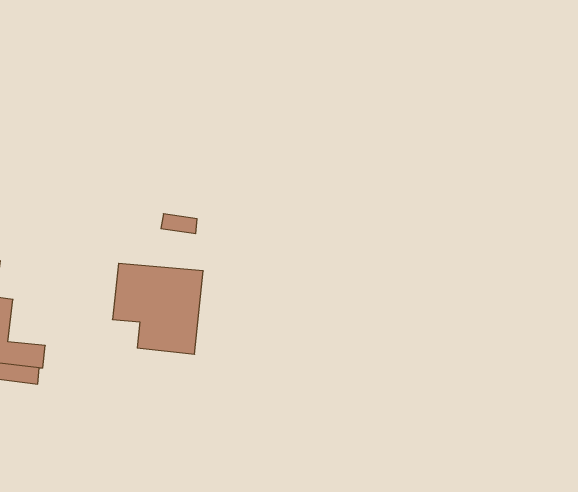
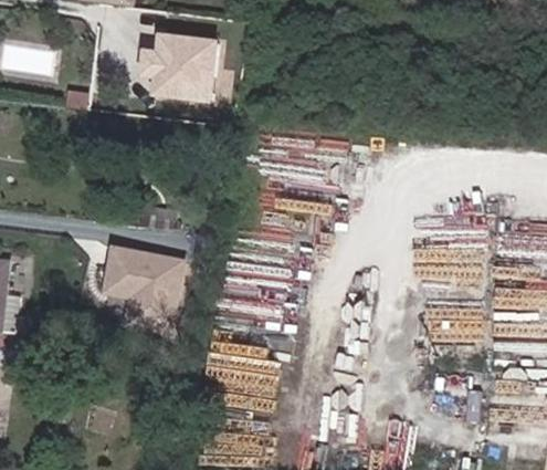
building: none -> [137,33,208,98]

